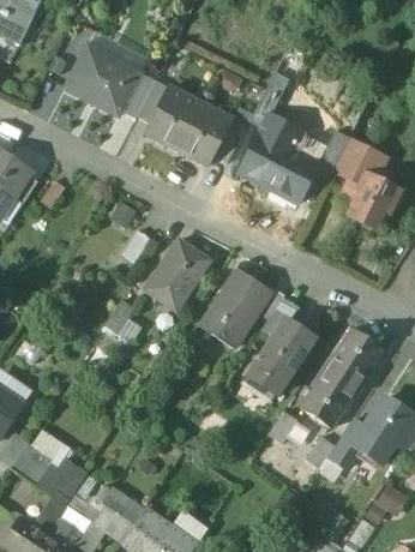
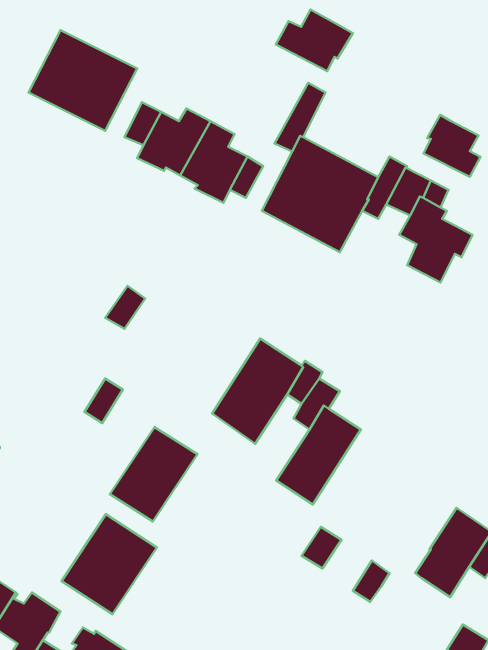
building: none -> [276,9,353,71]
building: none -> [423,115,480,177]
building: [144,238,210,308] -> [110,427,198,521]
building: [302,328,381,425] -> none
building: none -> [61,514,157,614]
building: [329,418,366,466] -> none

